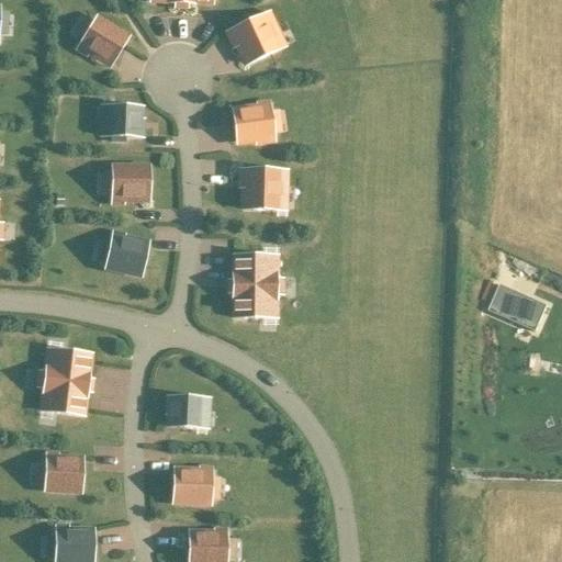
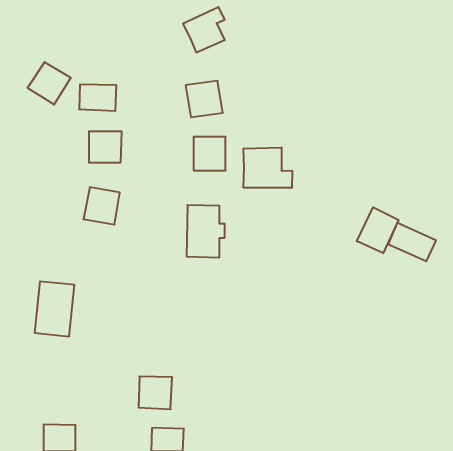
building: [77,14,131,67] -> [27,62,71,105]
building: none -> [244,147,292,188]
building: none -> [357,207,398,253]
building: [166,395,212,428] -> none
building: [44,452,83,494] -> none

